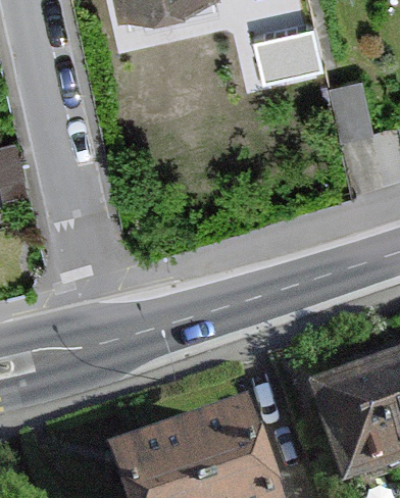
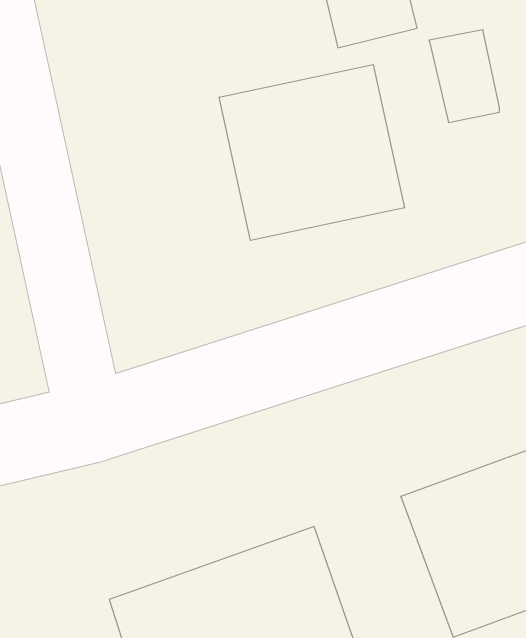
building: none -> [219,65,404,240]

